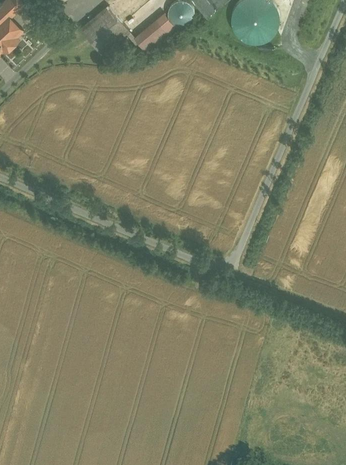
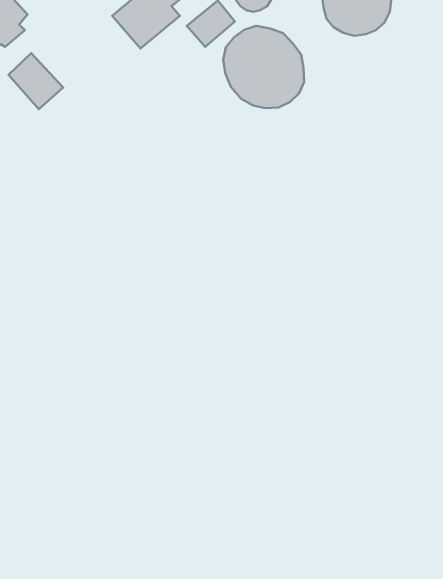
building: none -> [223,26,304,108]
building: none -> [8,53,63,109]

